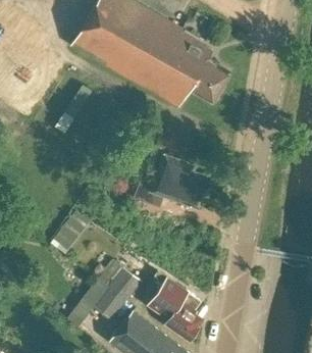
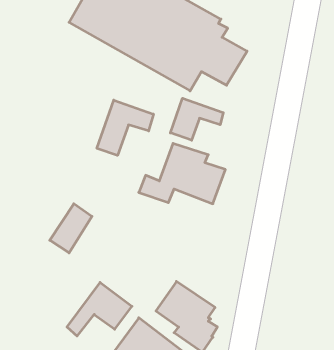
building: none -> [170,98,223,140]
building: none -> [97,100,153,155]
building: [94,260,140,300] -> none

